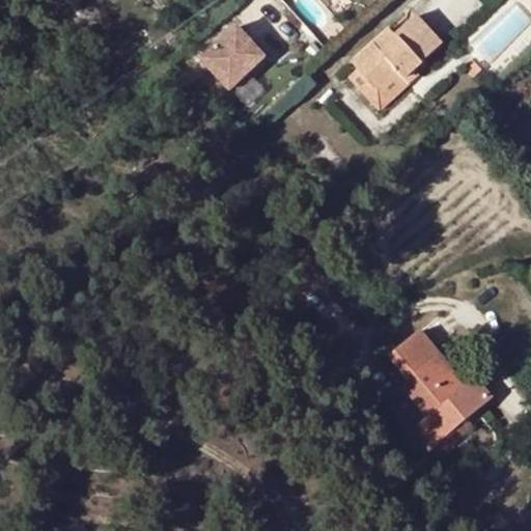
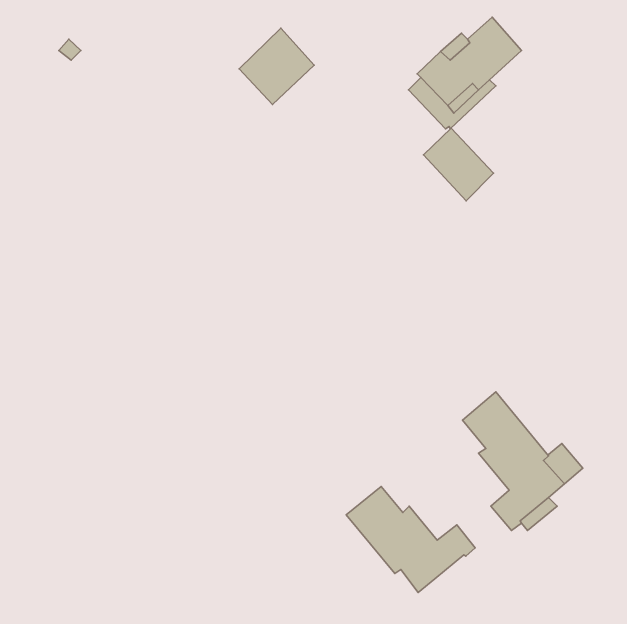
building: none -> [423,128,494,201]
building: none -> [346,487,475,592]

